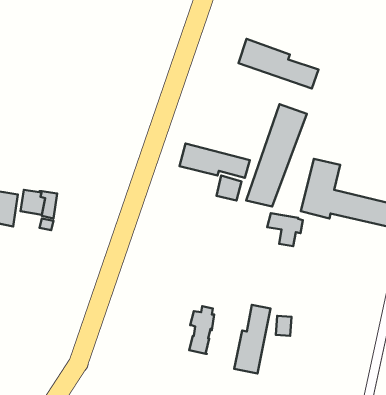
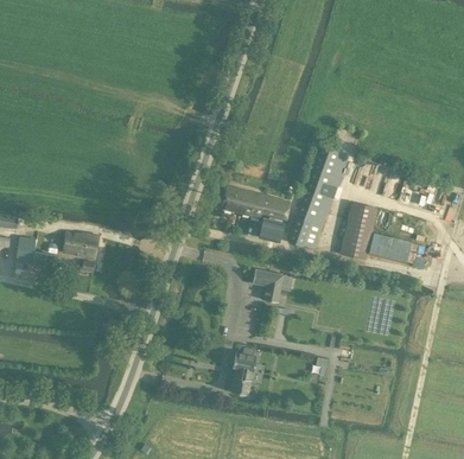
building: [238,39,318,89] -> none
building: [267,213,303,246] -> [252,269,287,302]
building: [234,305,270,374] -> none

